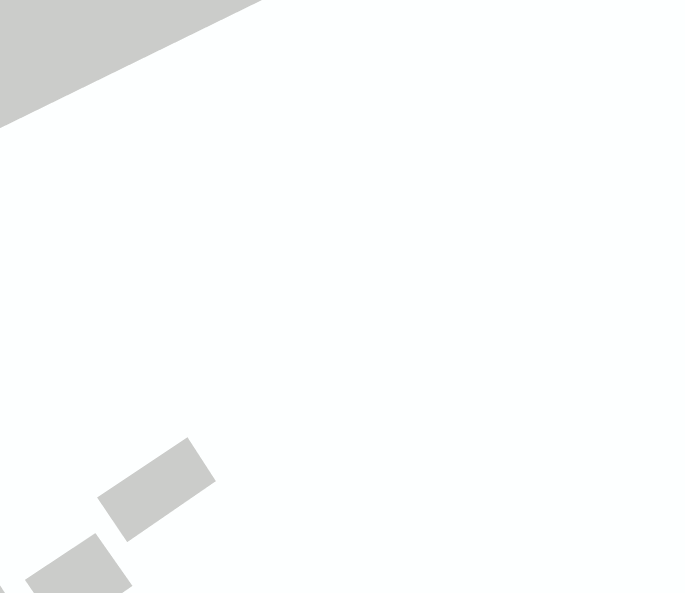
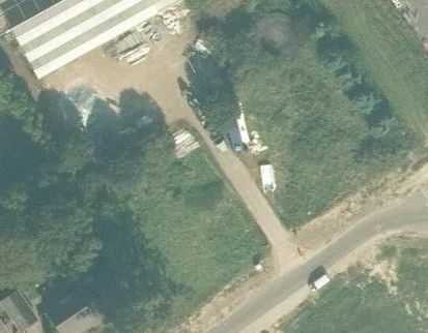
building: [96,436,217,543] -> none

